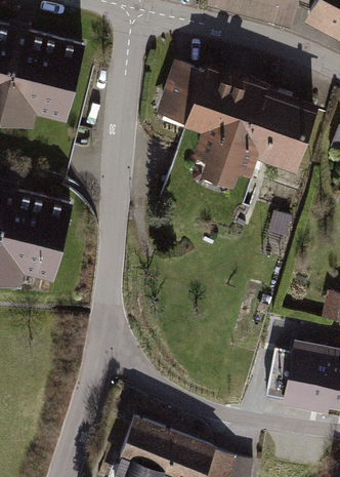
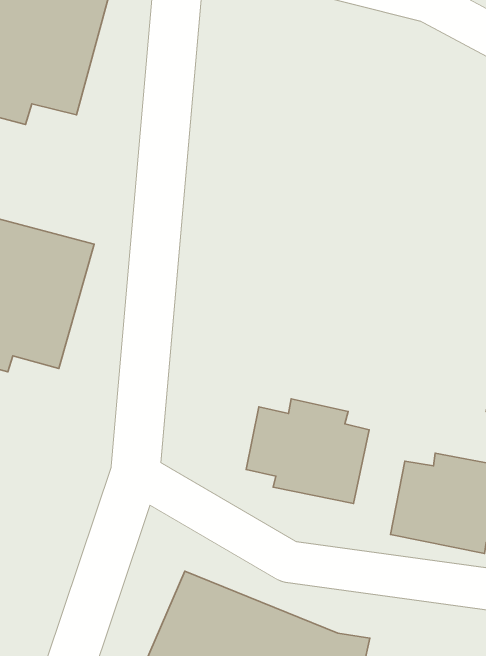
building: [164,65,313,180] -> none
building: none -> [246,399,369,504]

